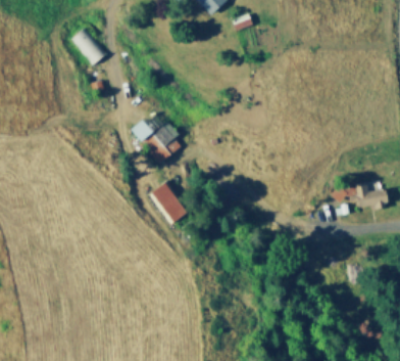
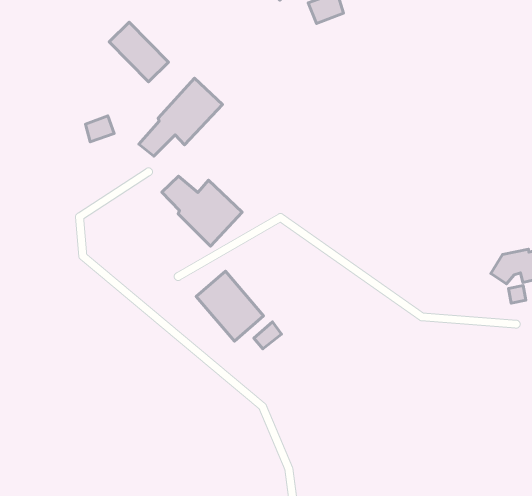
building: [70,28,106,65] -> [109,22,168,82]
building: none -> [139,78,222,156]

